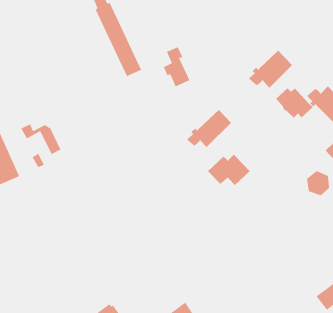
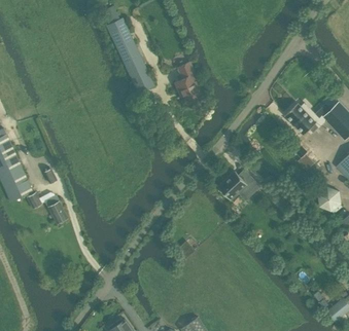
building: [248,50,293,89] -> none
building: [186,109,232,148] -> none
building: [20,123,61,155] -> [26,191,67,223]

